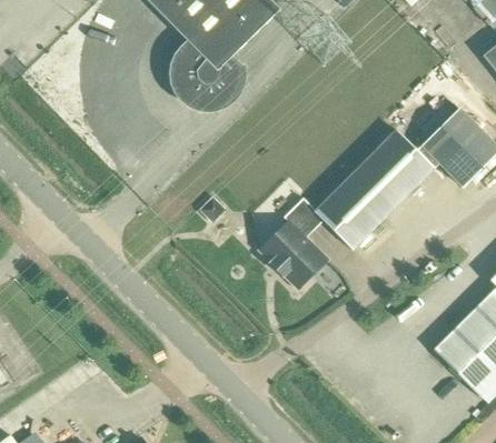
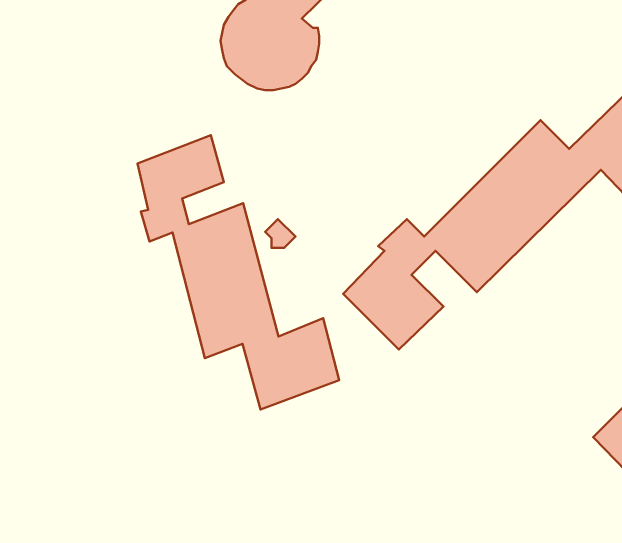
building: none -> [138,135,339,410]

